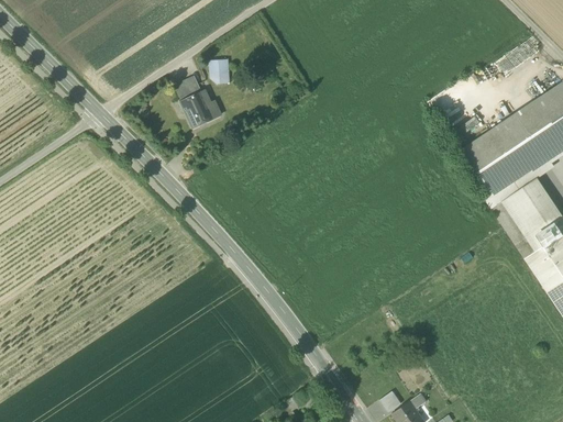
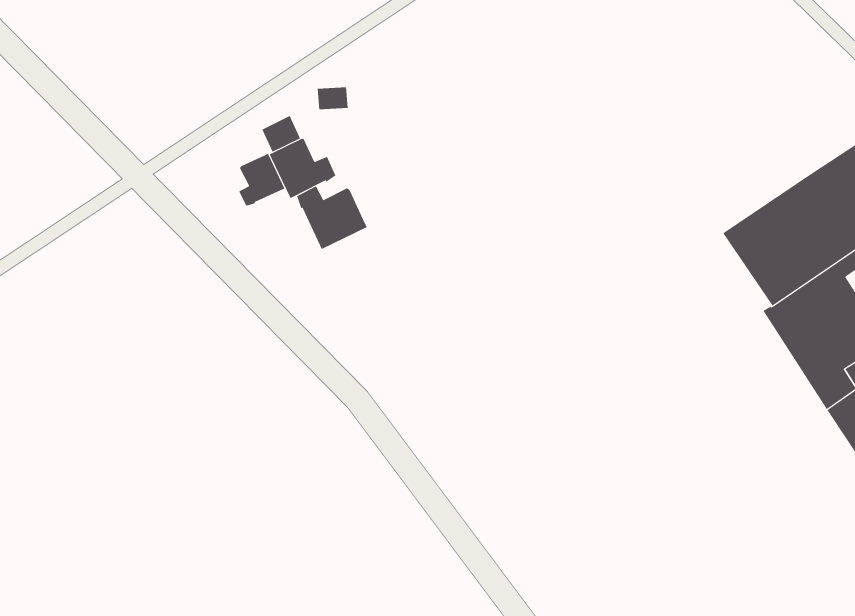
building: none -> [238,153,285,207]
building: none -> [296,186,368,250]

